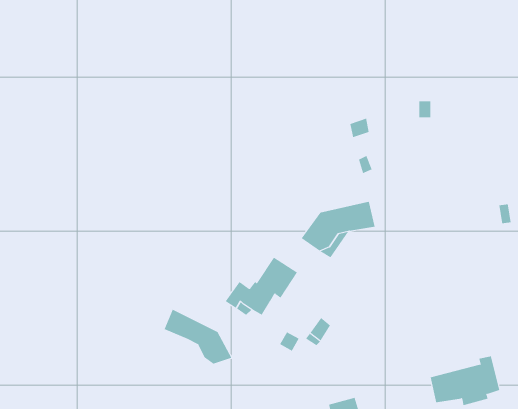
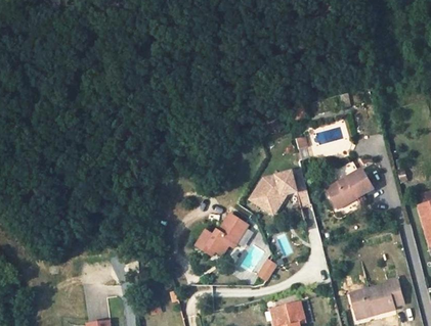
building: none -> [328,168,375,212]
building: [164,309,232,364] -> none

